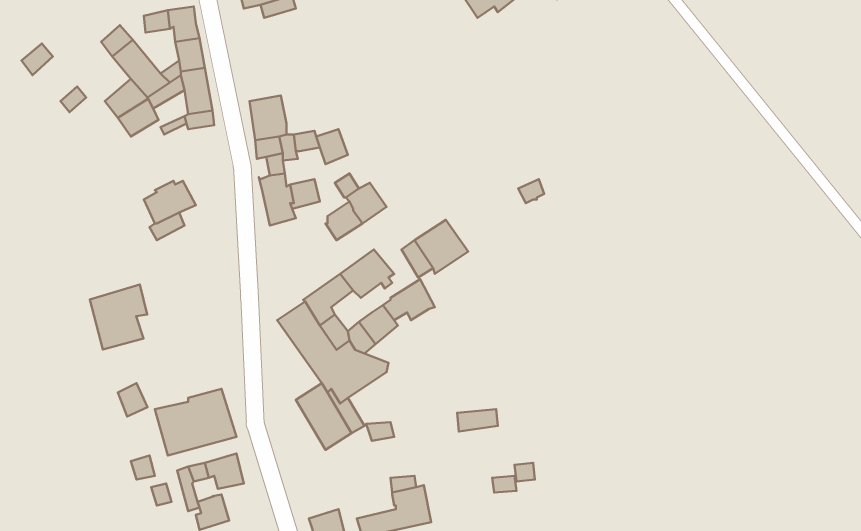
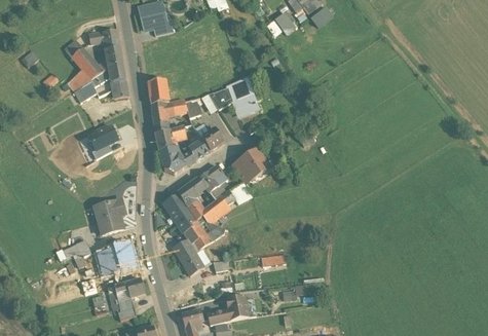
building: none -> [208,80,254,115]
building: none -> [158,148,195,175]
building: [90,285,147,350] -> [93,199,125,235]

